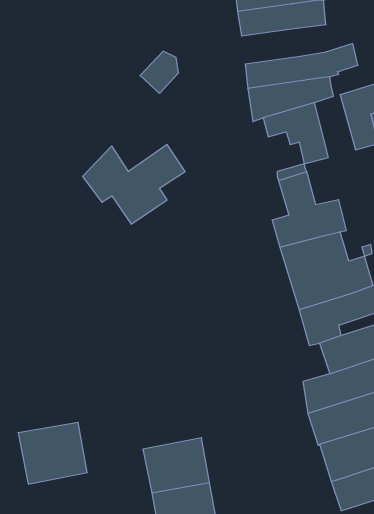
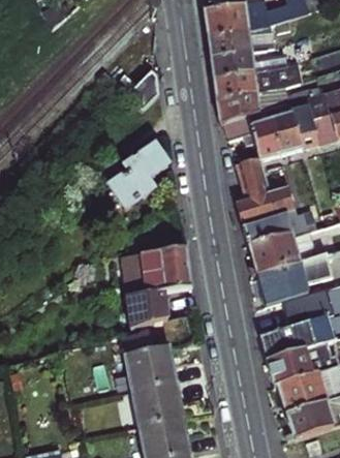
building: none -> [211,49,290,80]
building: none -> [270,104,303,155]
building: none -> [121,247,188,328]
building: [18,423,87,484] -> [123,341,179,391]

